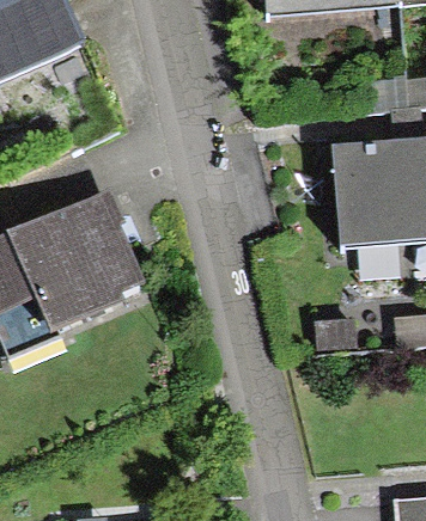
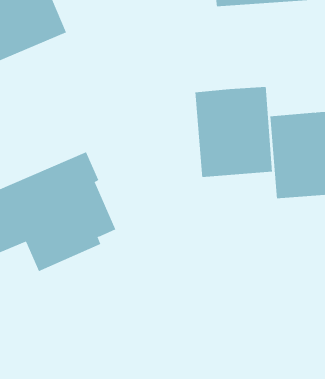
building: none -> [195,86,272,178]

